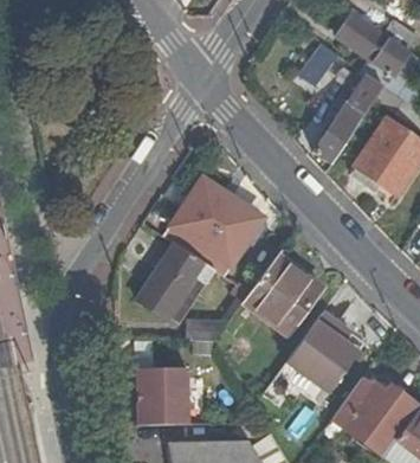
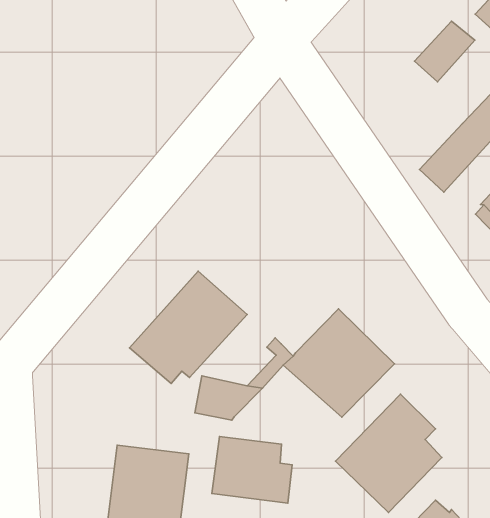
building: [168,175,254,263] -> none
building: none -> [212,436,292,503]

